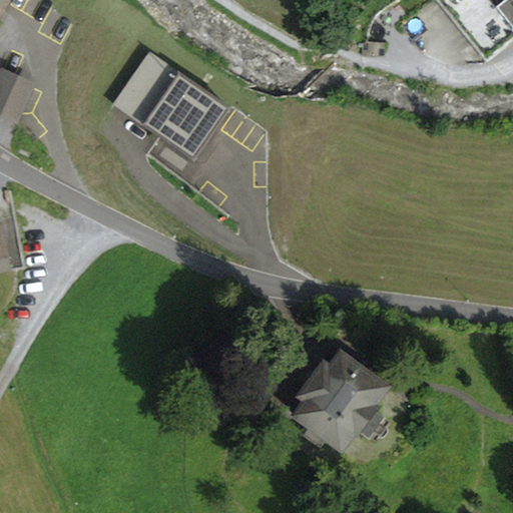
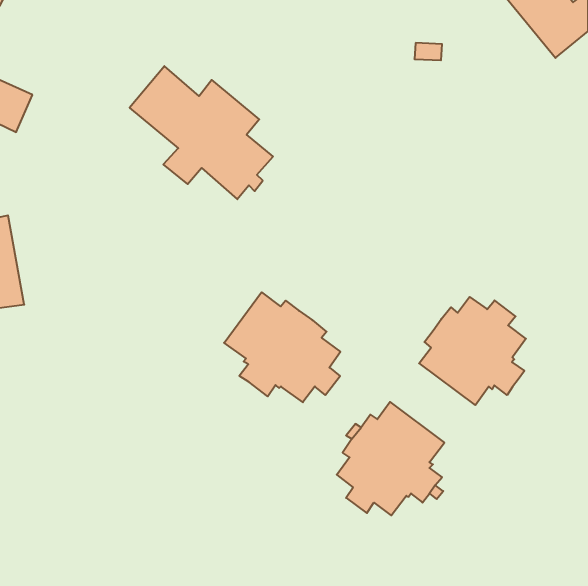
building: none -> [224,292,340,402]
building: none -> [419,297,526,405]

